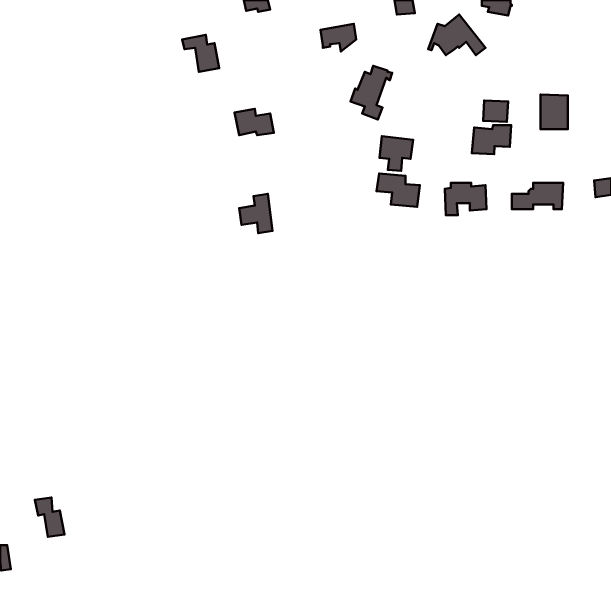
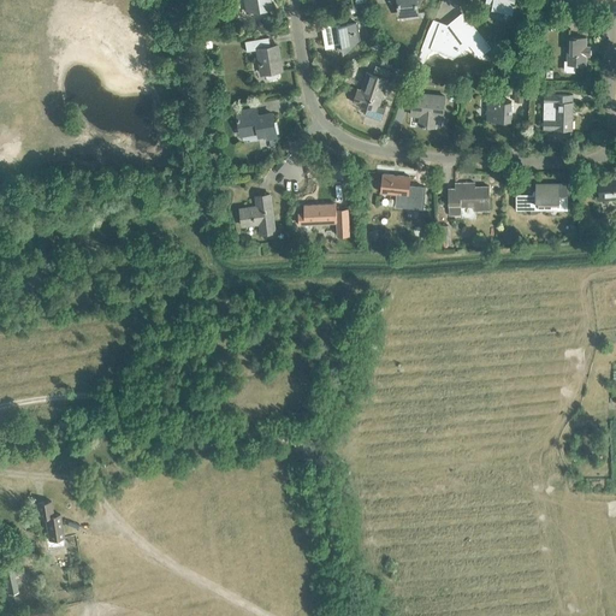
building: [182,35,219,72] -> [244,37,282,75]
building: none -> [567,37,590,65]
building: [472,125,511,154] -> none
building: [380,136,413,171] -> [410,94,444,129]
building: none -> [304,205,345,226]

